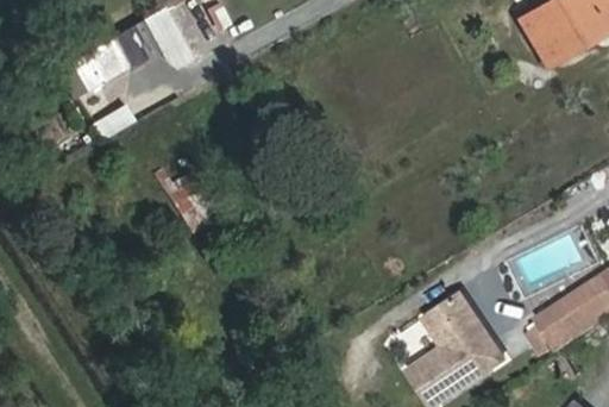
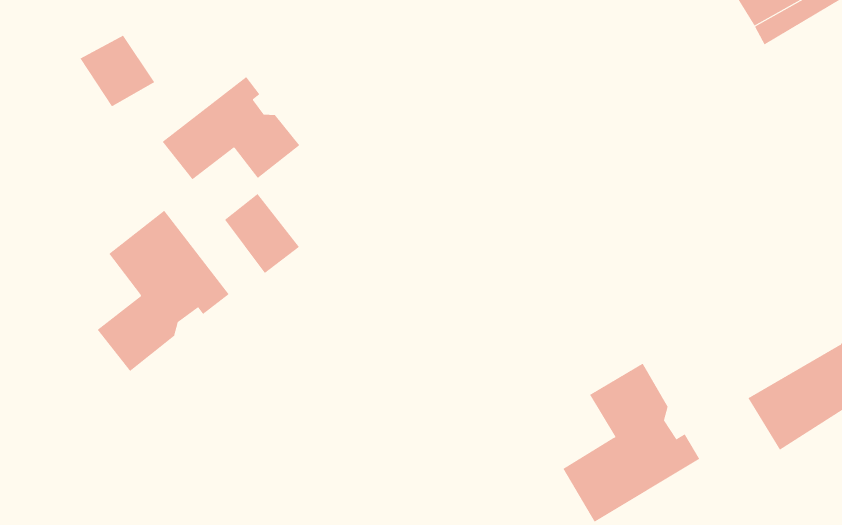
building: none -> [162,76,300,180]
building: none -> [97,210,229,372]

